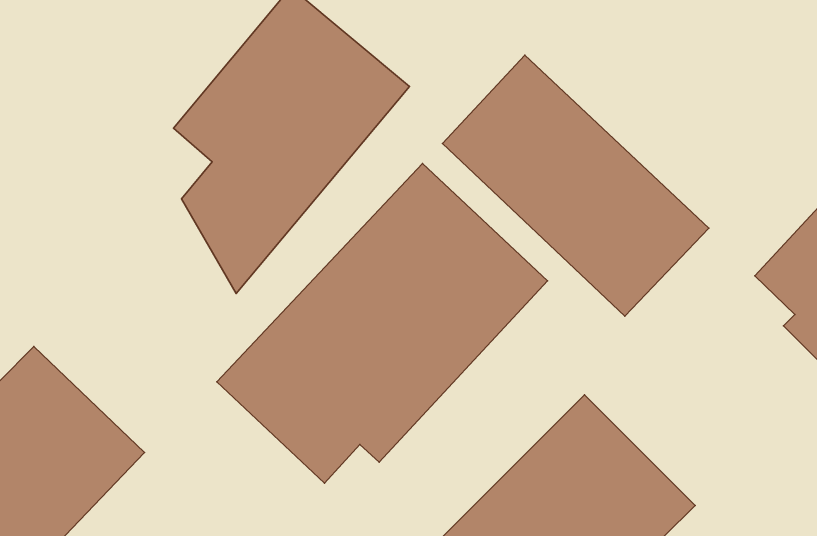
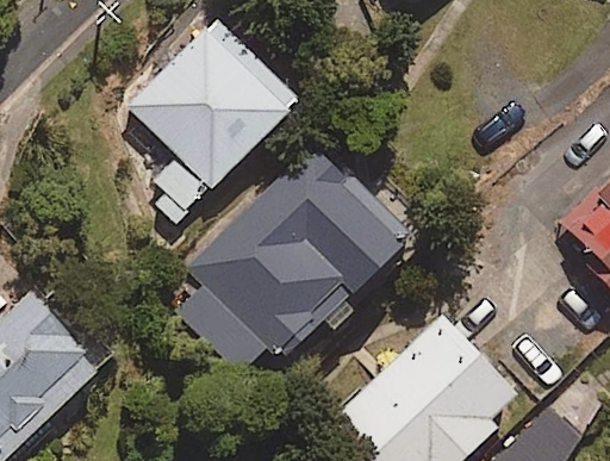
building: [442,55,709,316] -> none

